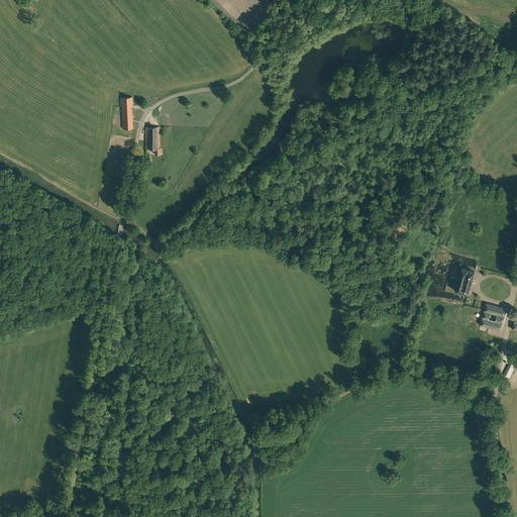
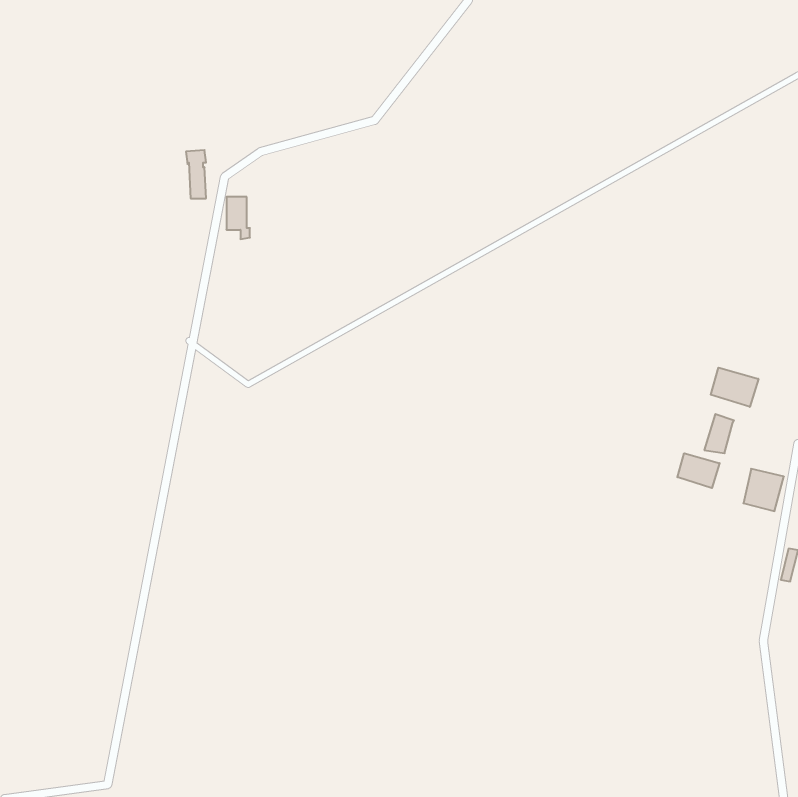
building: none -> [711,368,758,407]
building: none -> [677,453,720,488]

